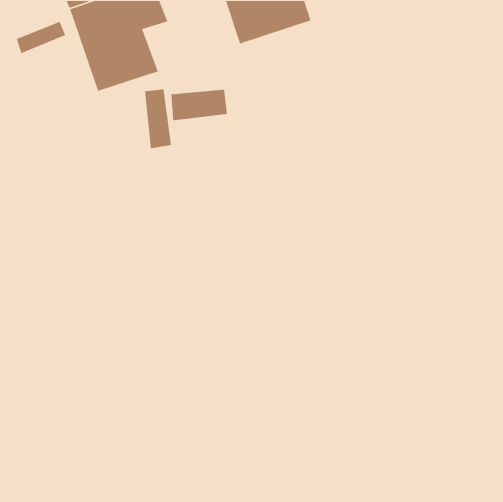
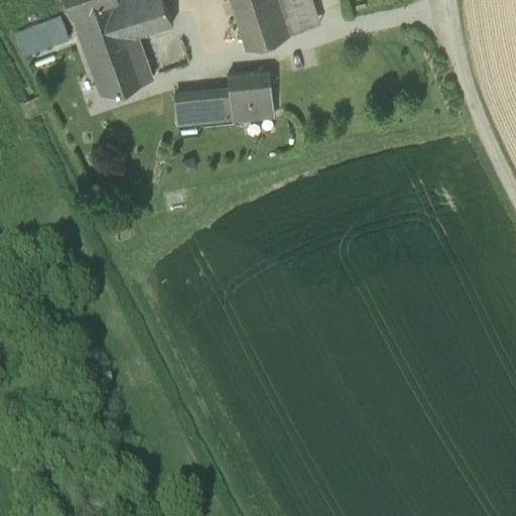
building: none -> [228,73,272,119]
building: [144,89,172,149] -> none

